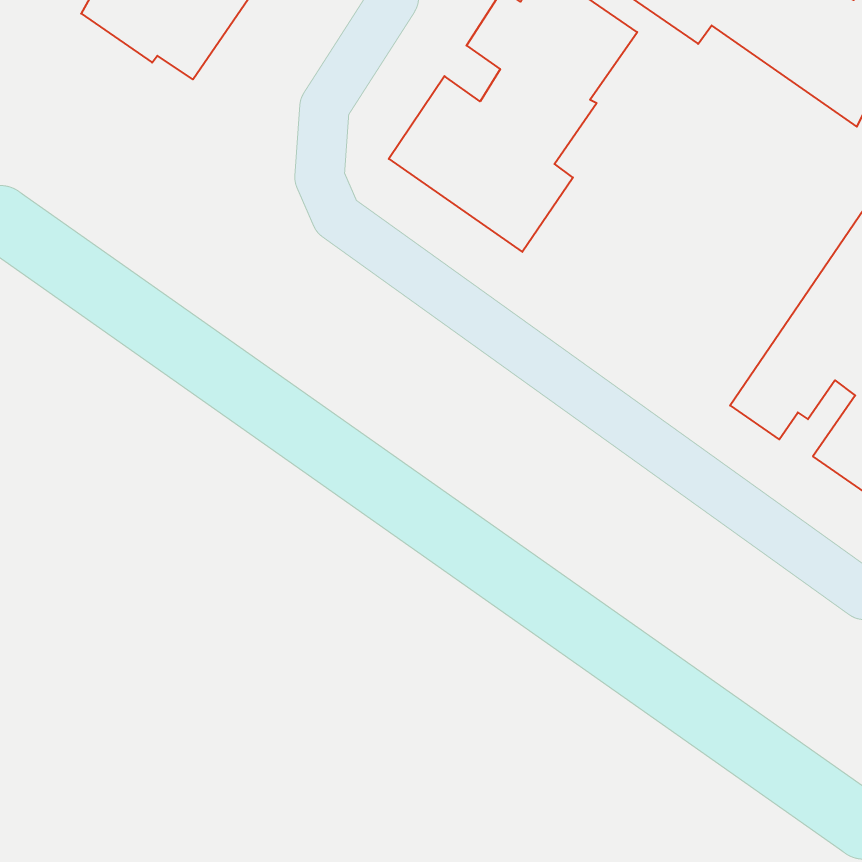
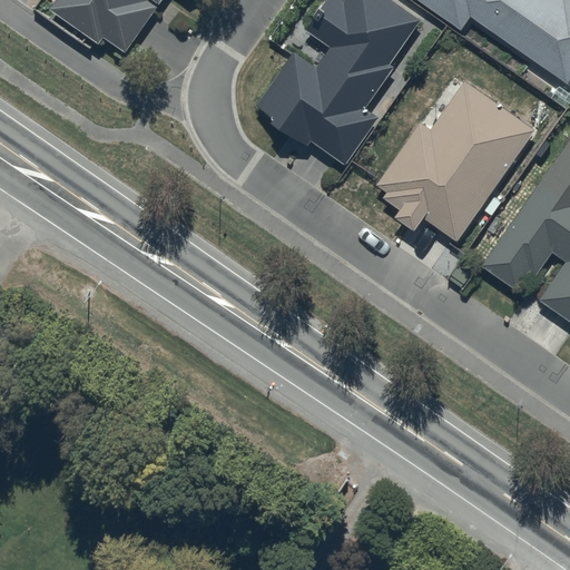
building: none -> [377,81,534,242]

